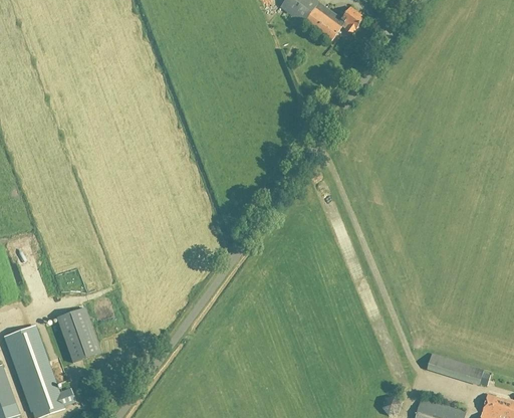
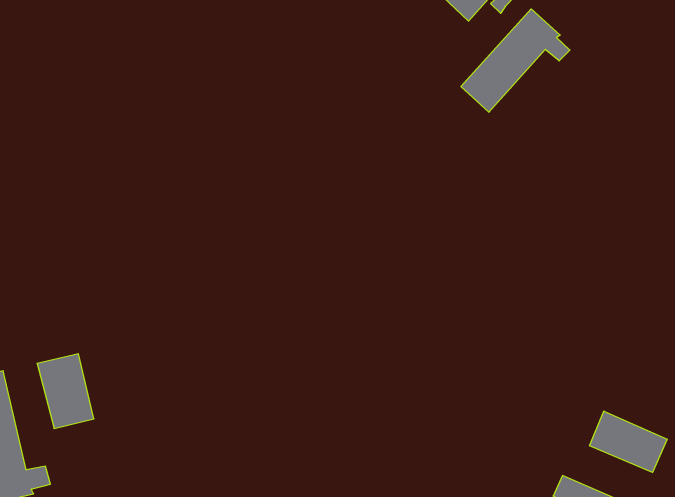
building: none -> [461,9,570,112]
building: none -> [590,411,667,472]

